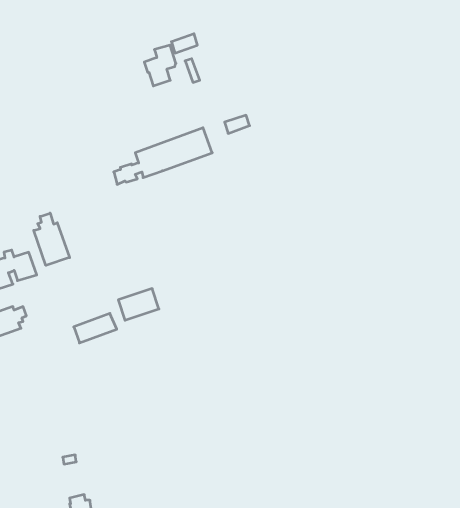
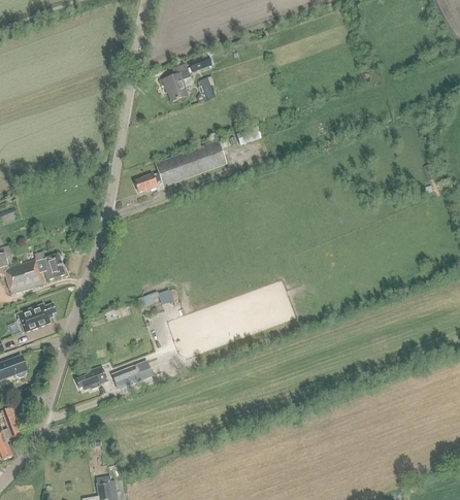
building: [34,213,70,265] -> none
building: [74,313,117,343] -> [112,361,152,388]
building: none -> [75,366,106,389]

